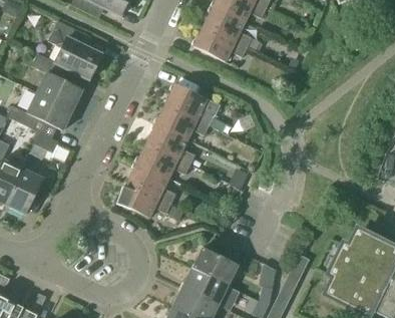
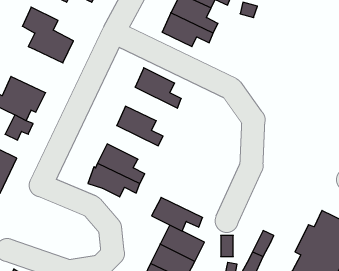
building: [31,53,82,109] -> none
building: [155,103,210,138] -> none
building: [136,143,189,179] -> [152,197,203,231]

